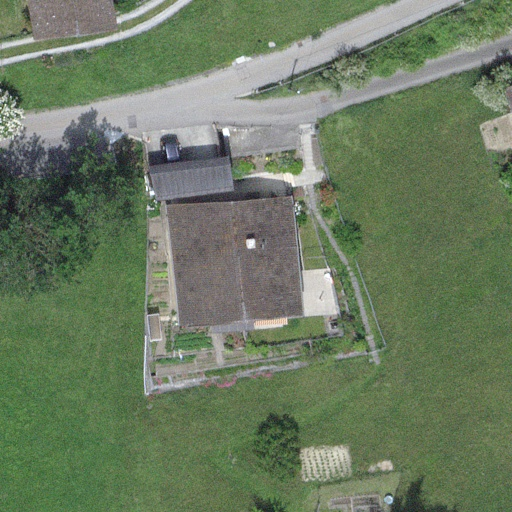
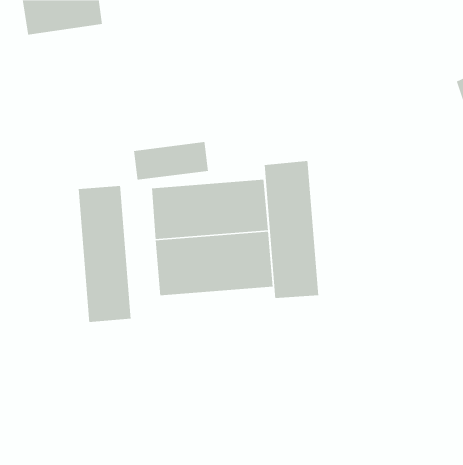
building: none -> [264,160,319,299]
building: none -> [78,185,132,323]

